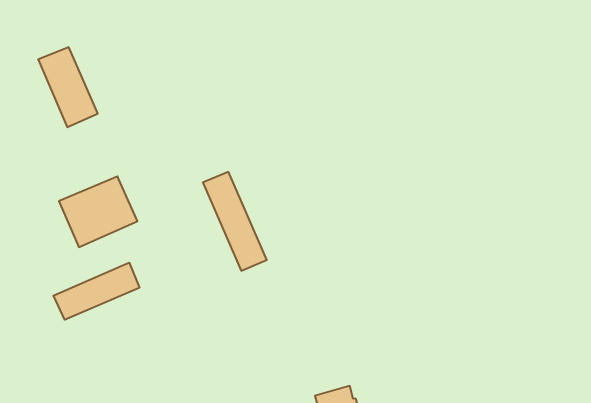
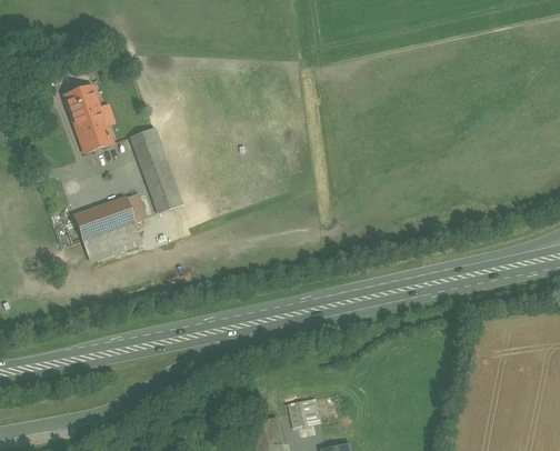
building: [203,172,267,271] -> [131,128,181,212]
building: [53,263,139,320] -> none

